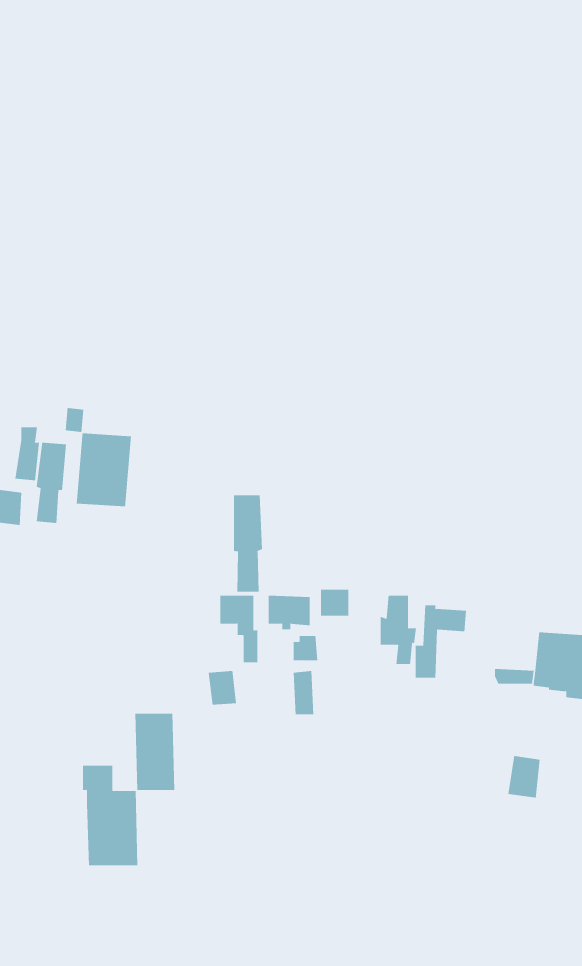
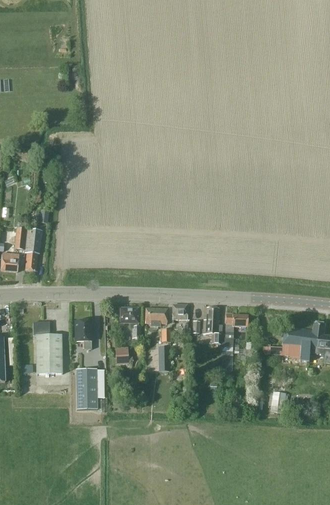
building: [76,433,131,507] -> none
building: [234,494,262,592] -> none
building: none -> [75,321,91,349]
building: [82,765,138,866] -> [33,322,62,374]

